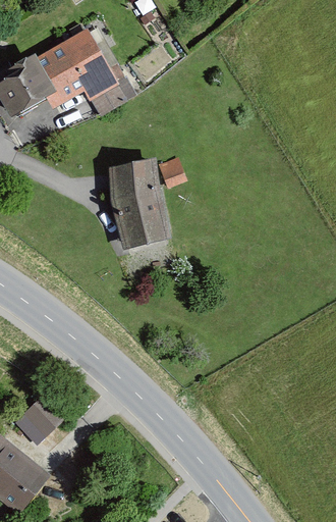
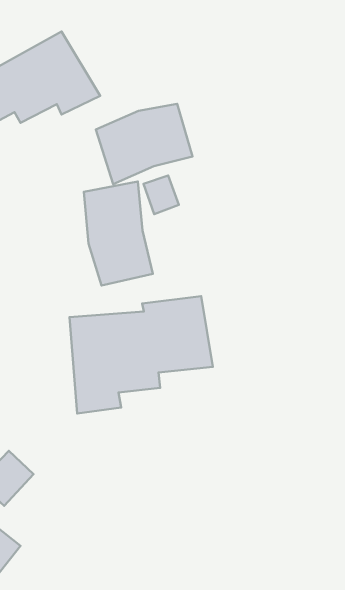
building: none -> [96,104,193,184]
building: none -> [70,296,213,414]

